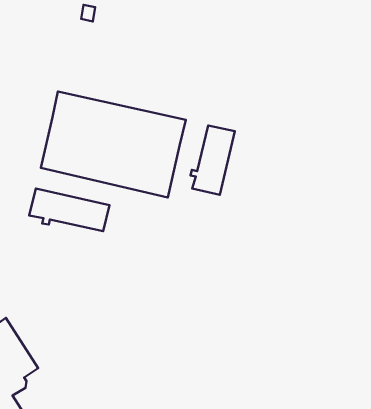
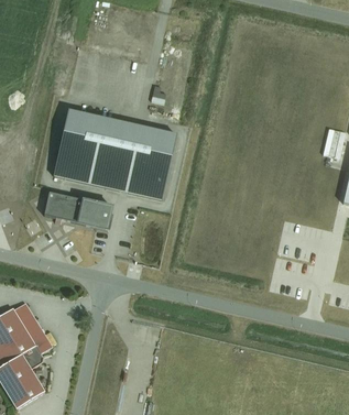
building: [190,125,235,195] -> none

